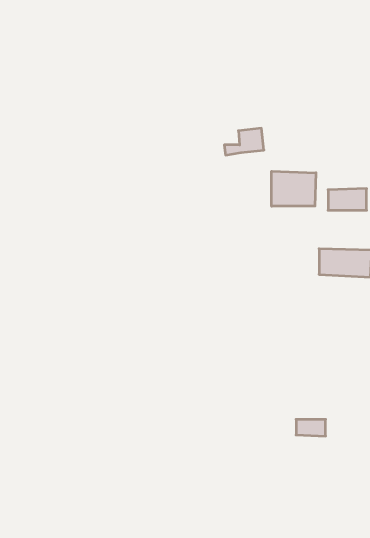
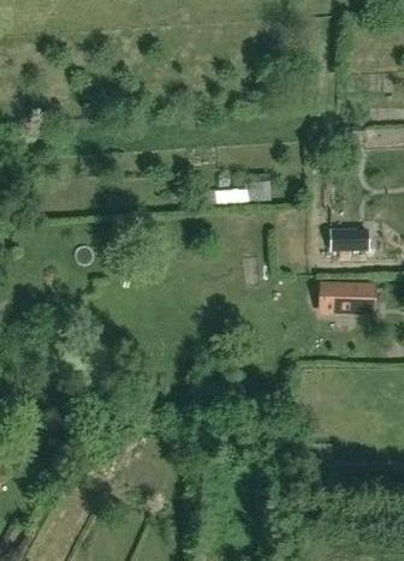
building: [272,171,316,206] -> none

